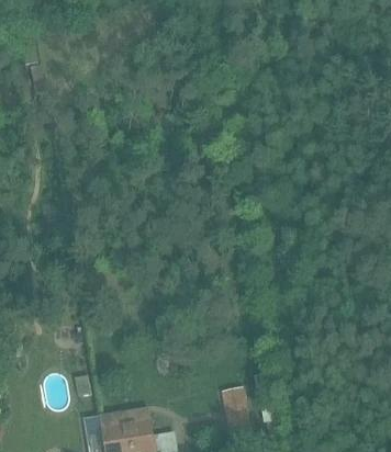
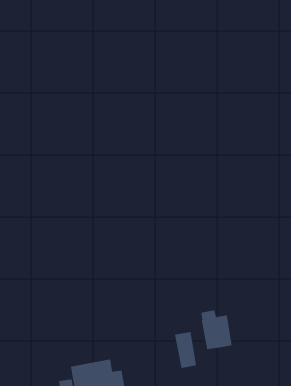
building: none -> [201,310,232,350]

